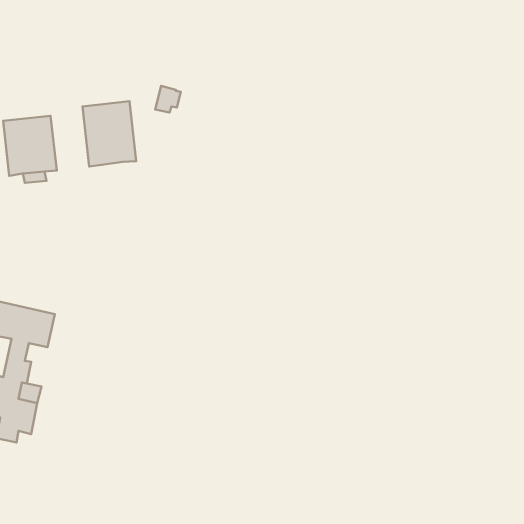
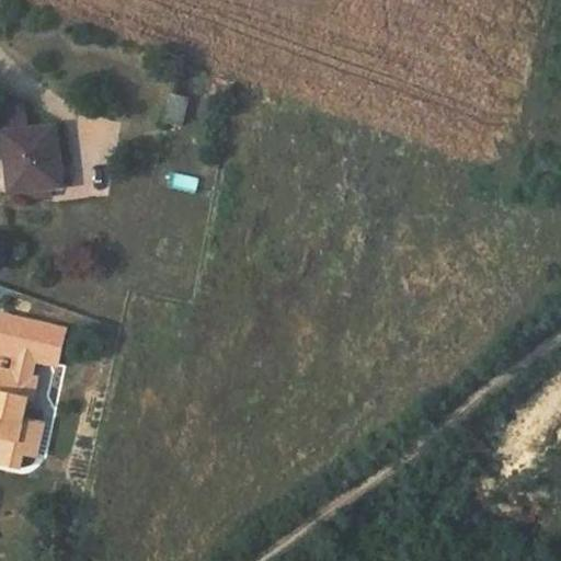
building: [82,101,136,167] -> none

